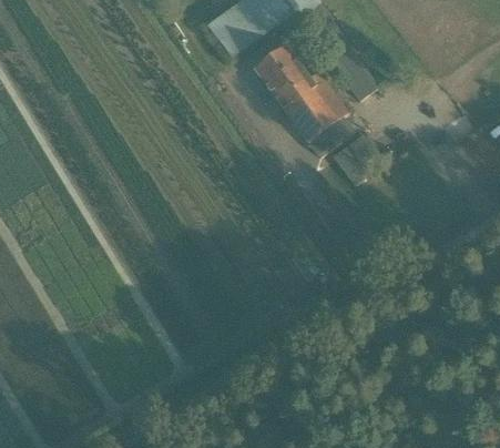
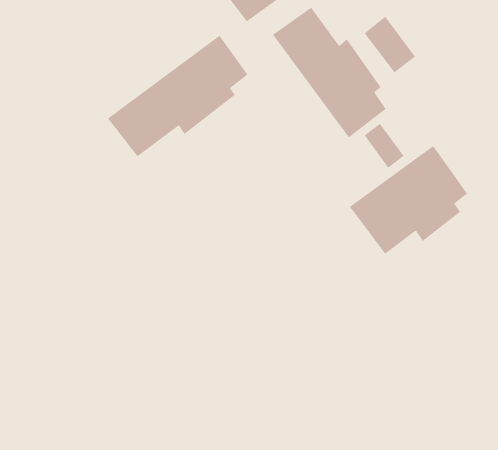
building: none -> [107,35,248,157]
building: none -> [349,145,468,255]

